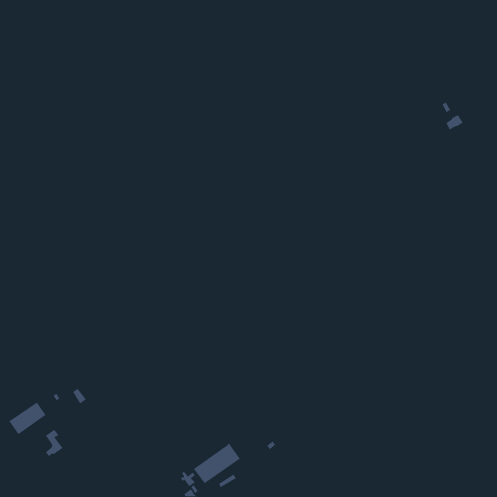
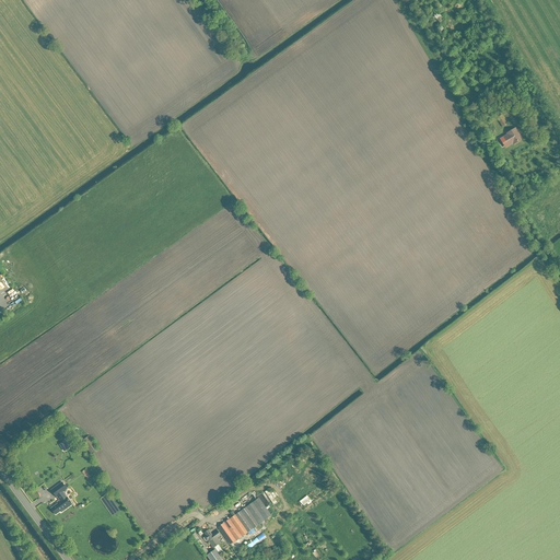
building: [8,401,46,435] -> none

